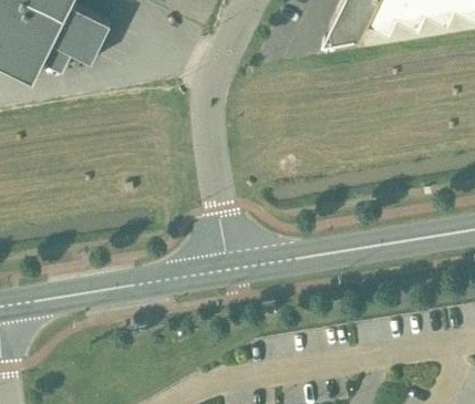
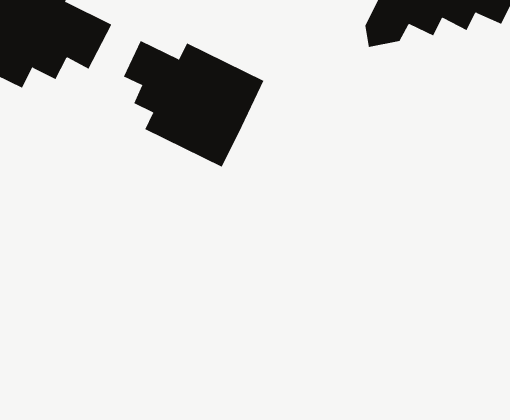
building: none -> [123,40,264,168]

